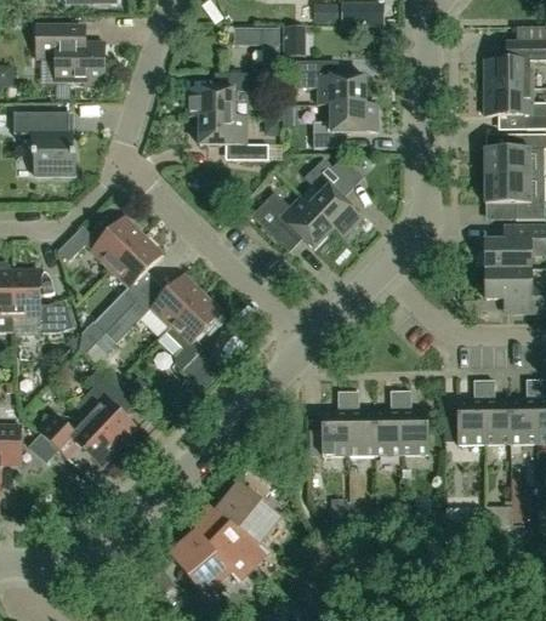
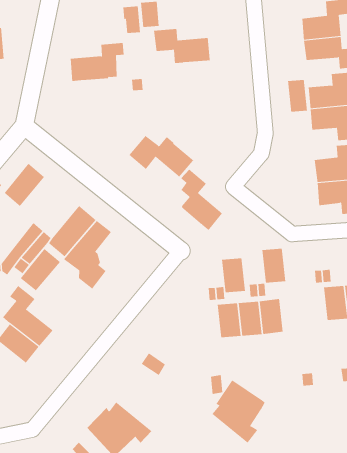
building: [313,103,376,147] -> none
building: [199,115,268,159] -> none
building: none -> [288,79,307,113]
building: [309,158,362,238] -> [180,169,223,231]
building: [109,234,163,287] -> [20,248,61,291]
building: [456,401,484,444] -> [262,248,286,283]
building: [320,412,348,455] -> [221,258,246,293]
building: [210,483,279,565] -> [212,379,266,444]

